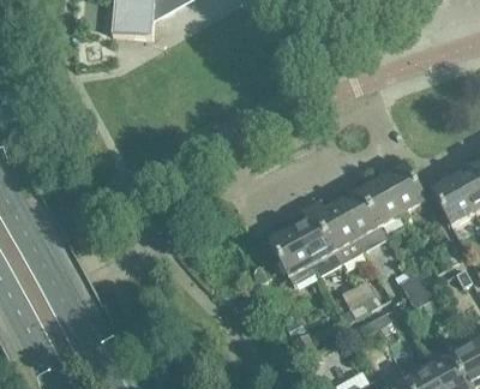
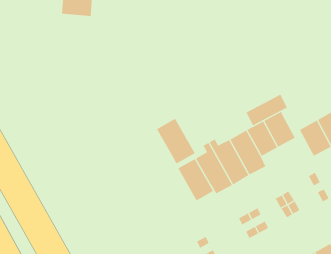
building: none -> [246,94,287,126]
building: none -> [156,118,196,168]

